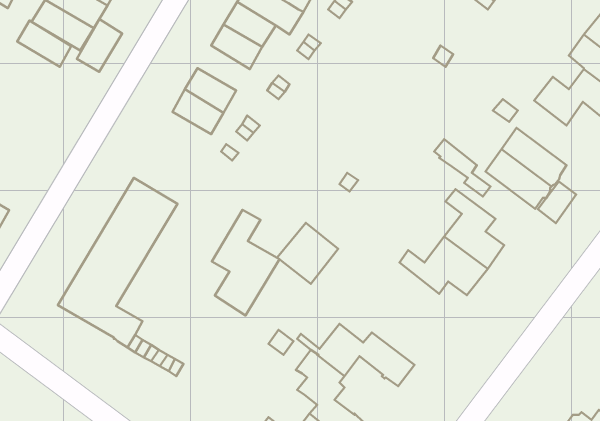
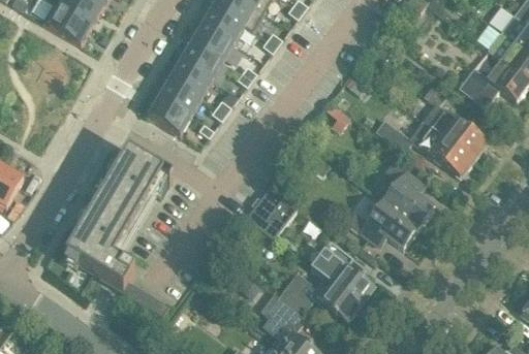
building: [77,19,122,72] -> none
building: [17,21,71,67] -> none
building: none -> [179,41,222,78]
building: none -> [147,96,190,134]
building: [538,182,576,223] -> none
building: [212,210,279,315] -> none
building: none -> [310,242,372,305]

